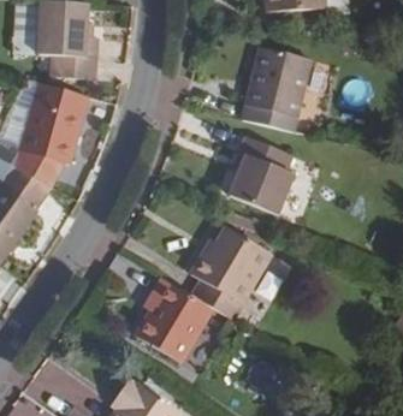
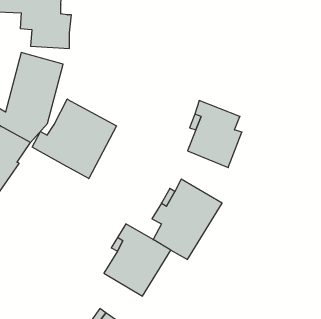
building: [242,48,308,131] -> none
building: none -> [32,99,117,179]

